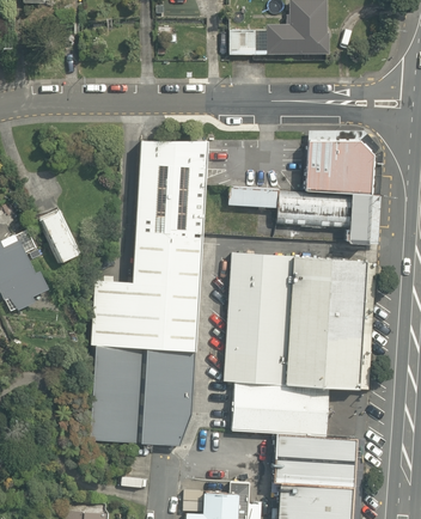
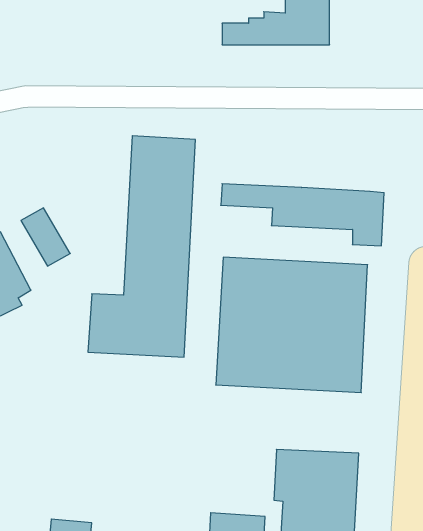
building: [303,130,370,193] -> none
building: [94,344,191,445] -> none
building: [232,384,325,434] -> none

